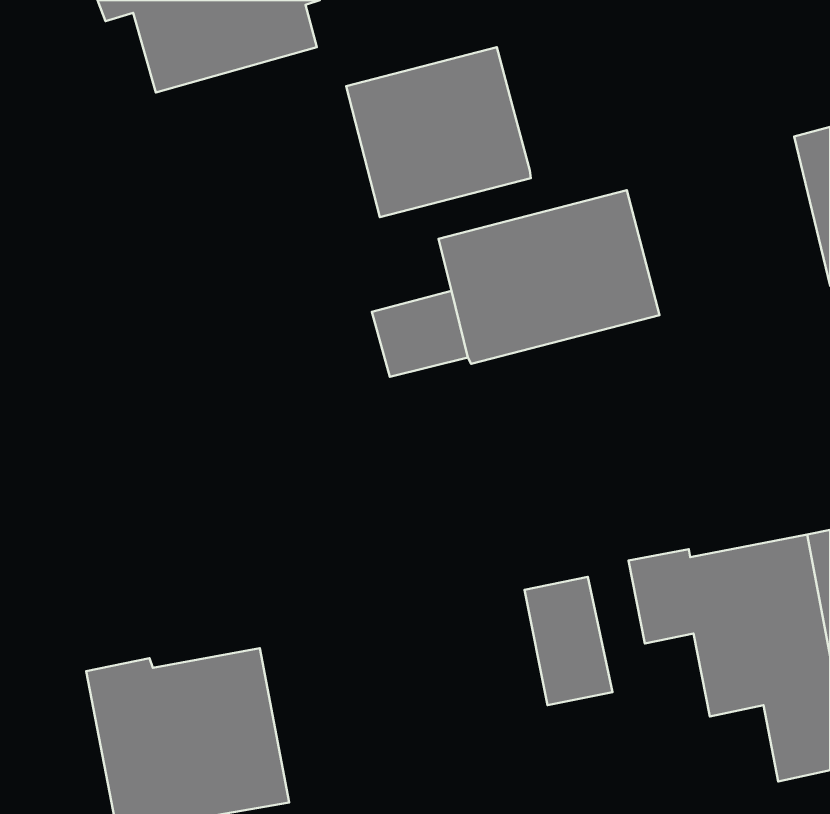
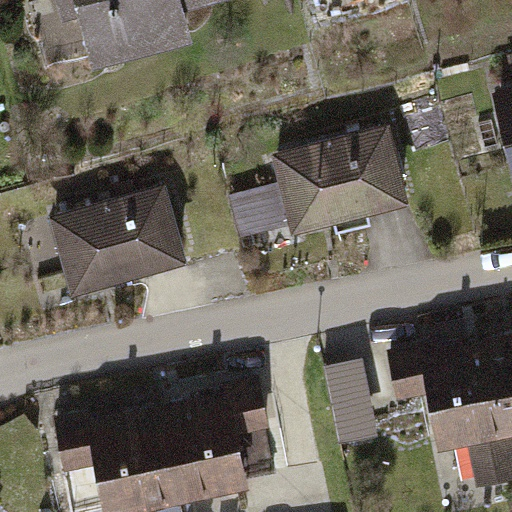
building: [346,47,531,217] -> none
building: none -> [51,186,188,294]
building: none -> [160,381,280,504]

